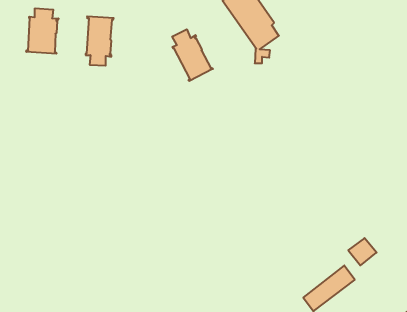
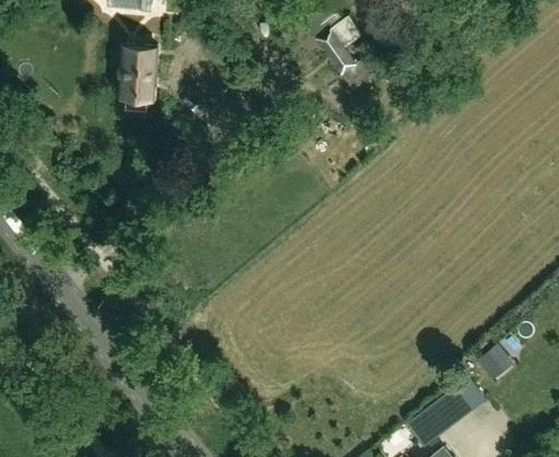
building: [26,8,58,54] -> none
building: [172,29,213,81] -> none

